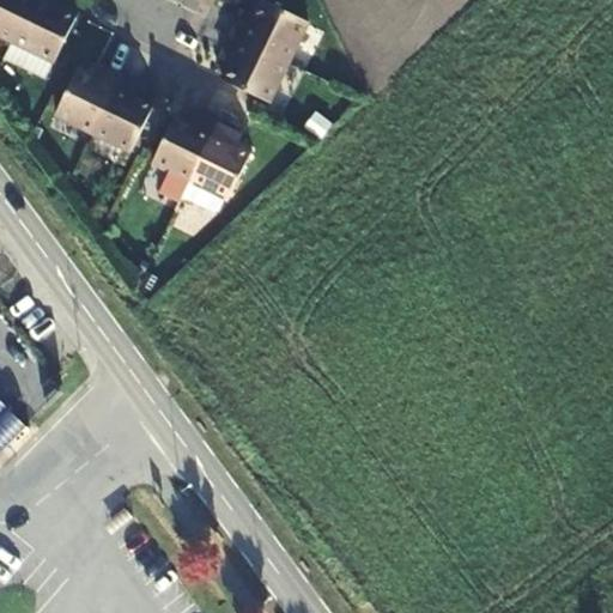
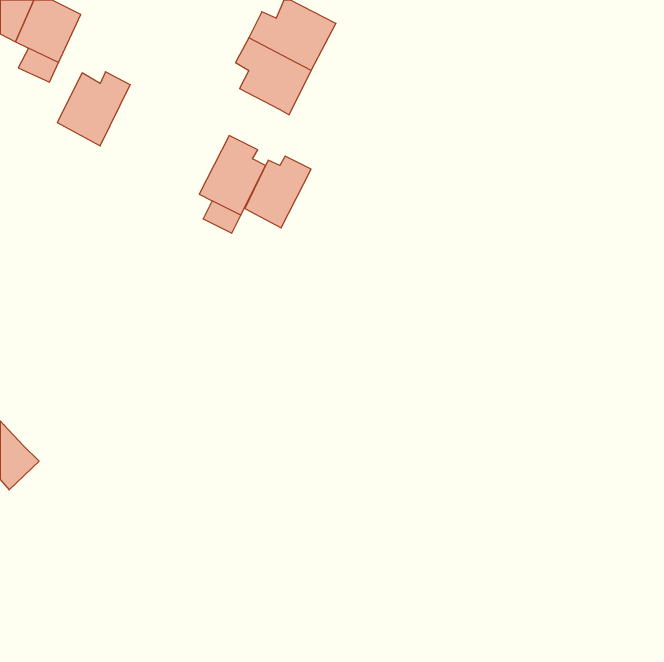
building: [93,81,150,153] -> none
building: [151,116,212,182] -> [245,156,311,228]

